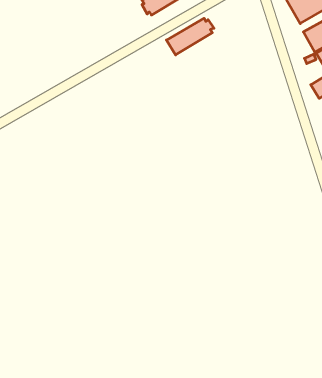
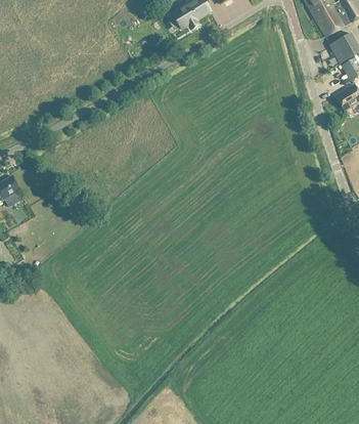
building: [166,18,214,55] -> none

